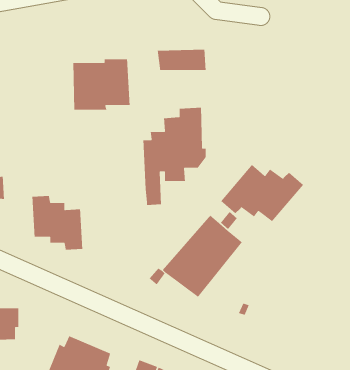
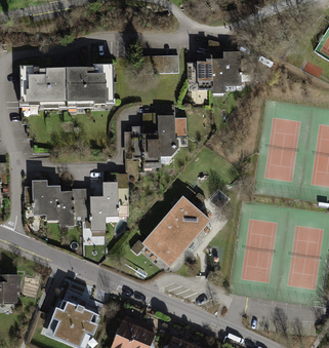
building: none -> [187,40,242,93]
building: none -> [19,65,67,108]
building: [220,164,304,222] -> none
building: none -> [76,173,128,236]

